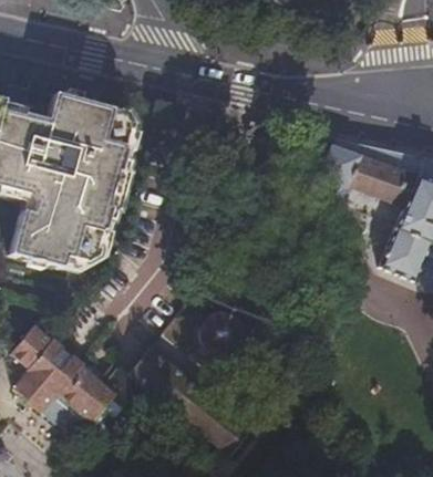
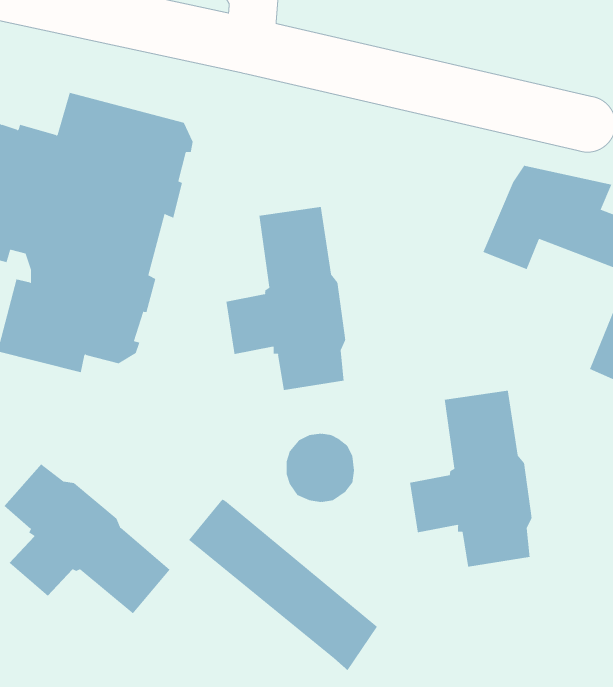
building: none -> [226,206,346,391]
building: none -> [410,390,532,567]

